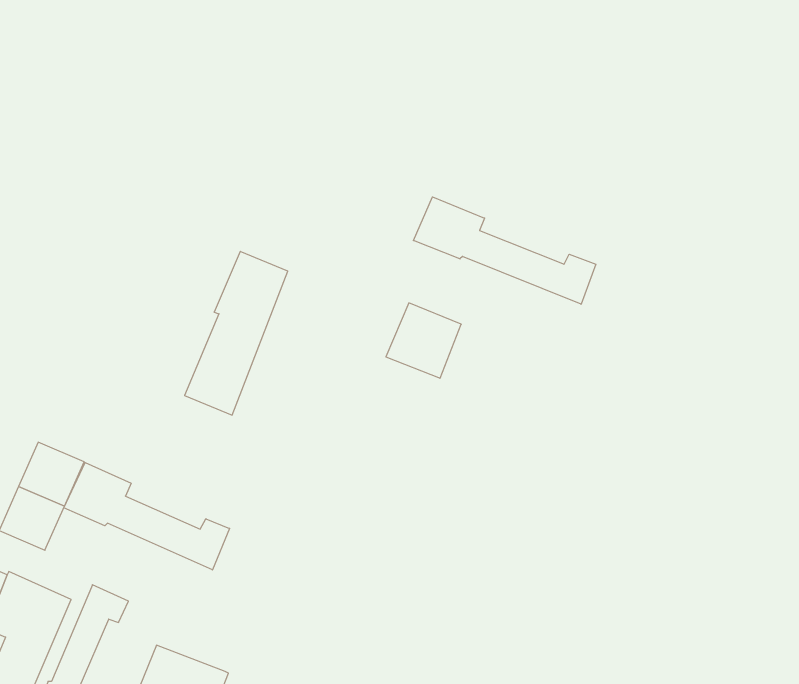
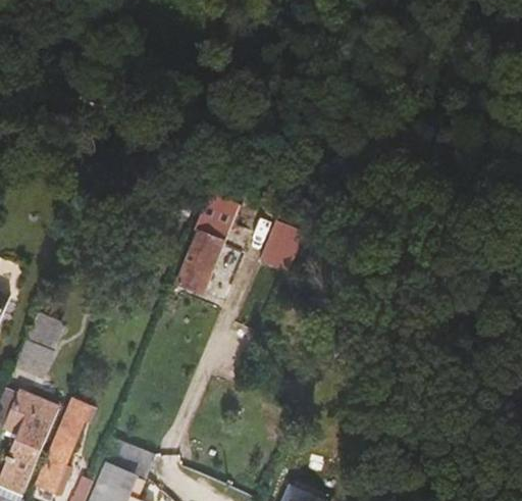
building: [413,197,596,304] -> none
building: [185,251,288,415] -> [175,192,240,294]
building: [64,463,230,570] -> none

